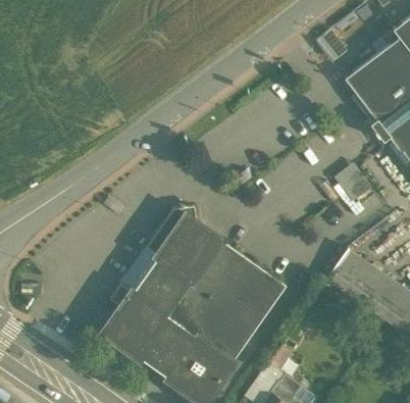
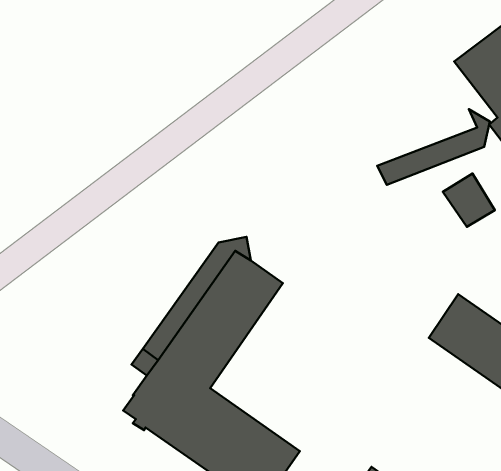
building: none -> [377,109,490,185]
building: [167,241,286,363] -> none

